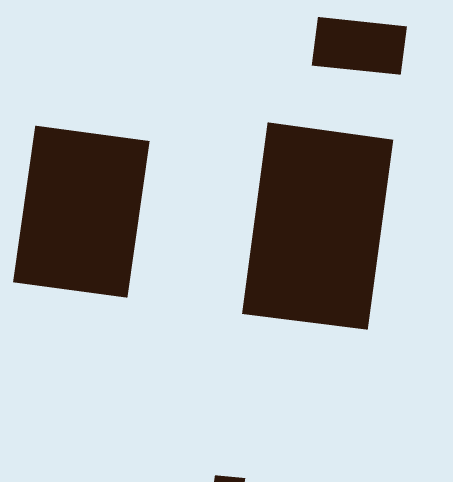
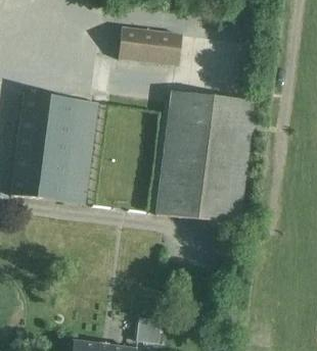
building: [311,17,408,75] -> [120,28,182,65]

